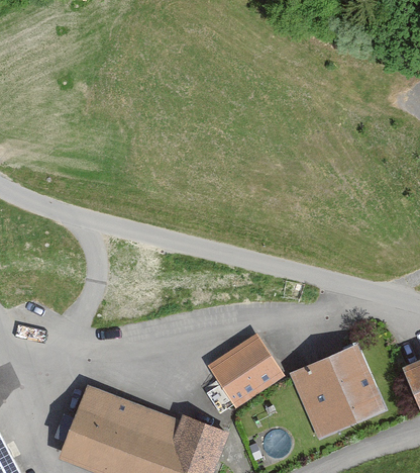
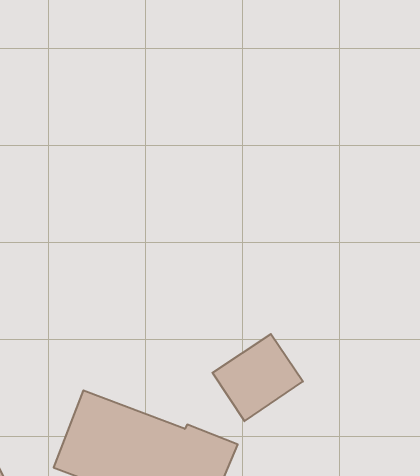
building: [290,344,385,440] -> none

